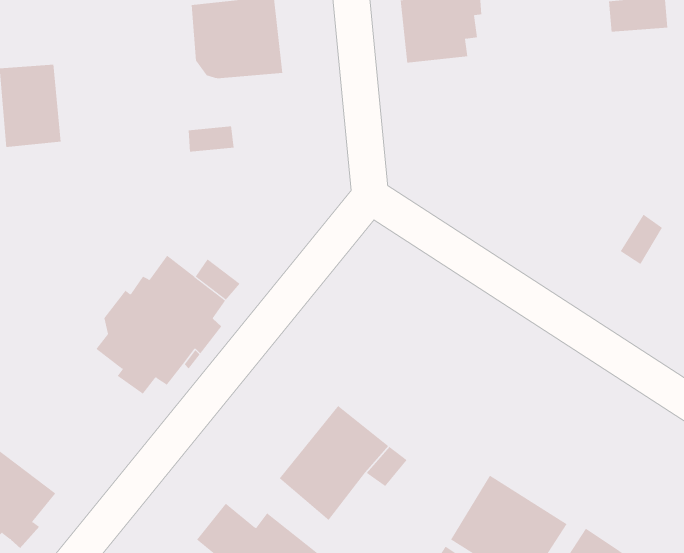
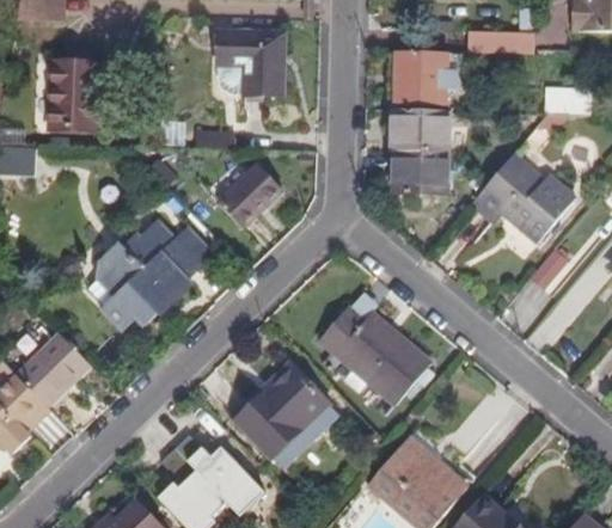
building: none -> [377,108,436,194]
building: none -> [476,148,579,237]
building: none -> [215,165,281,229]
building: none -> [318,311,428,406]
building: none -> [22,333,94,404]

